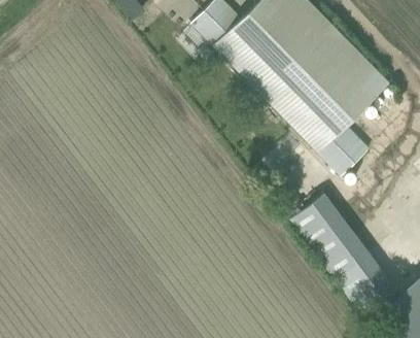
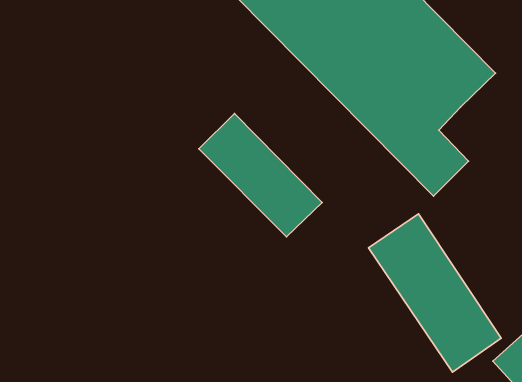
building: none -> [199,114,322,237]

